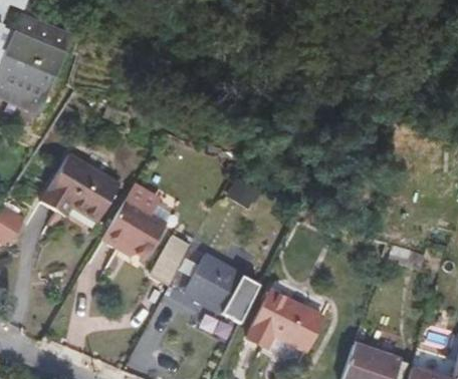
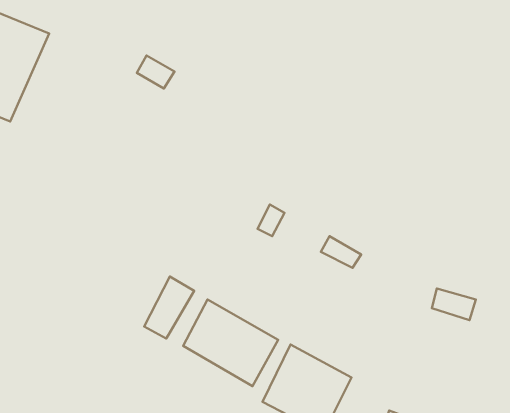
building: [42,154,122,223] -> none
building: [101,183,168,261] -> none

